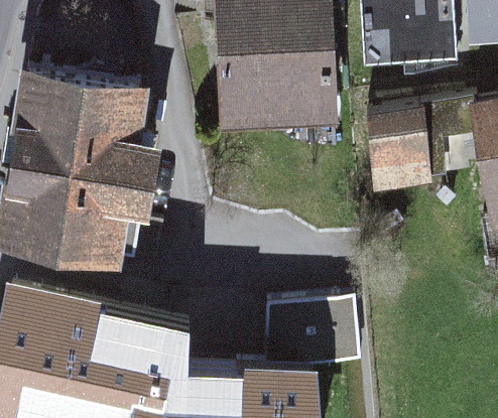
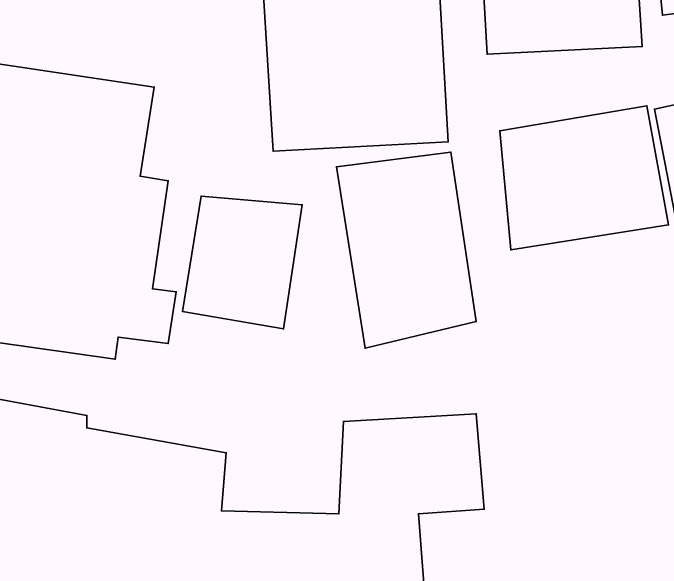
building: none -> [336,152,476,348]
building: none -> [183,196,302,329]

